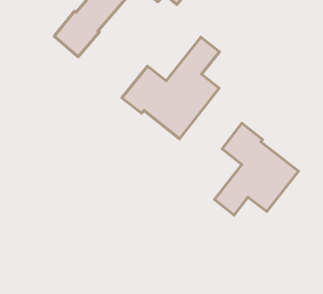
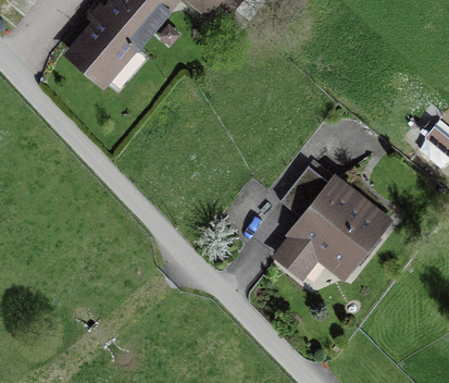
building: [122,37,219,139] -> none

